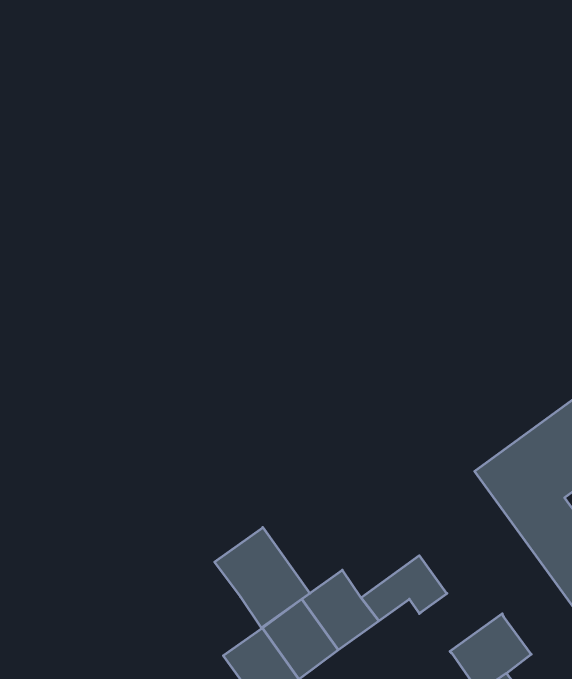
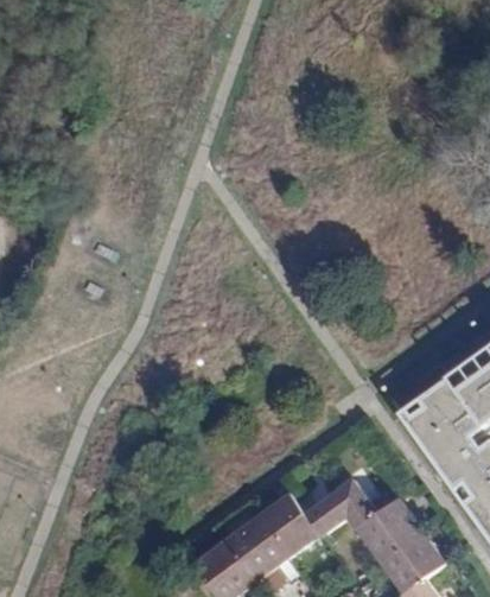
building: [215,527,310,628] -> none
building: none -> [356,494,422,557]

